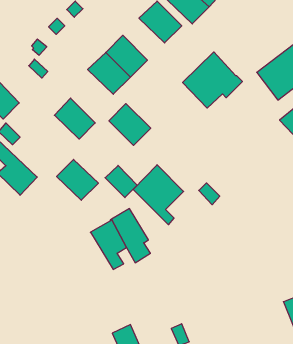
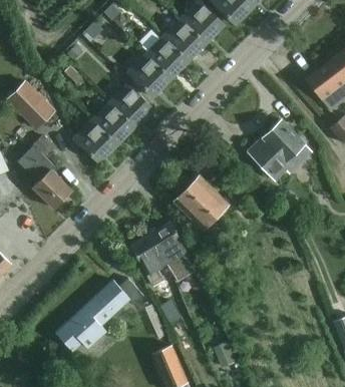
building: none -> [163,21,208,65]
building: [183,52,242,108] -> [249,119,312,178]
building: [109,104,151,145] -> [108,87,152,131]
building: [57,159,98,200] -> [73,123,117,166]
building: [105,165,137,198] -> none
building: none -> [55,278,144,351]

